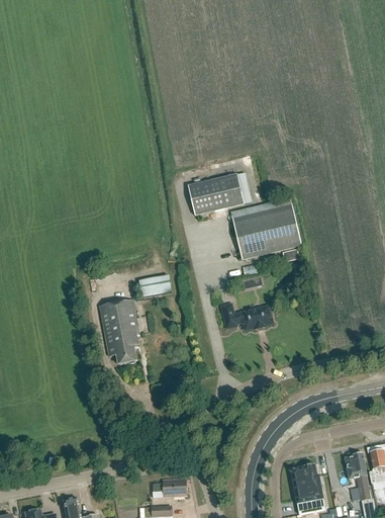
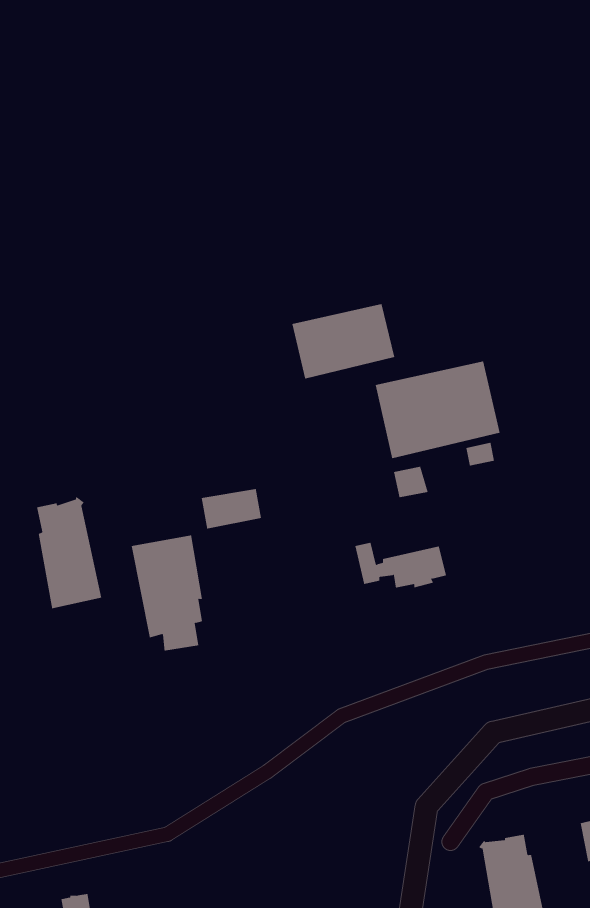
building: none -> [37,496,102,609]
building: [153,478,186,496] -> none

